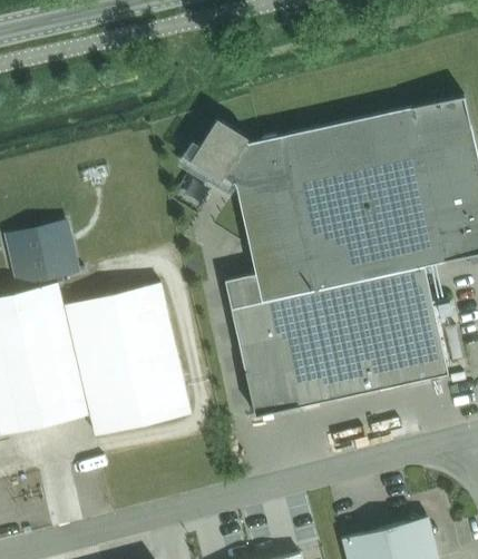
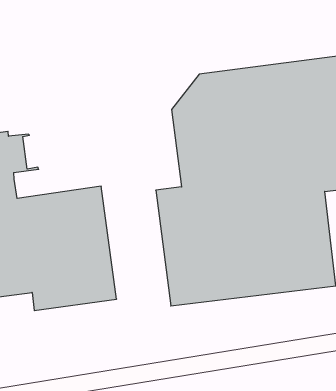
building: [189,118,264,185] -> none

